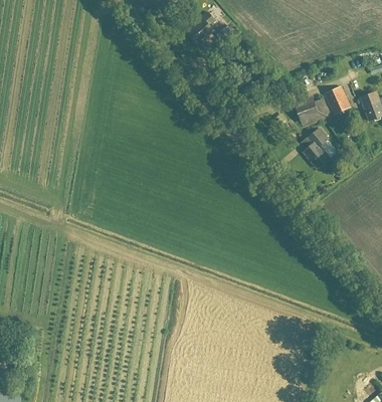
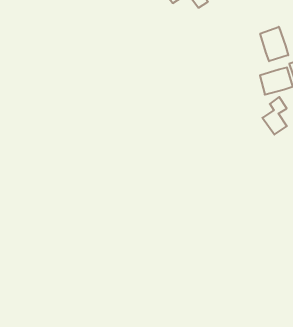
building: none -> [260,27,288,61]

